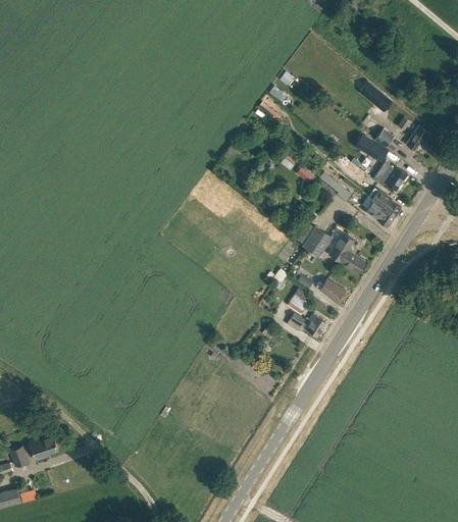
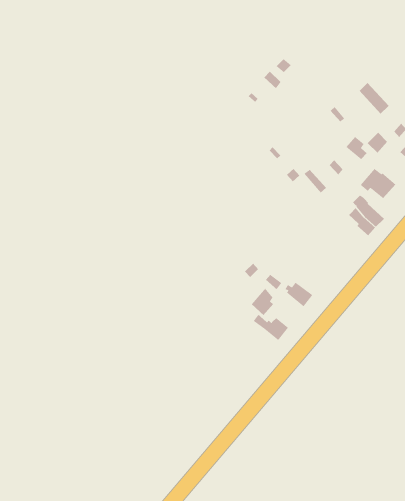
building: [303,226,333,256] -> none
building: [329,233,365,272] -> none

